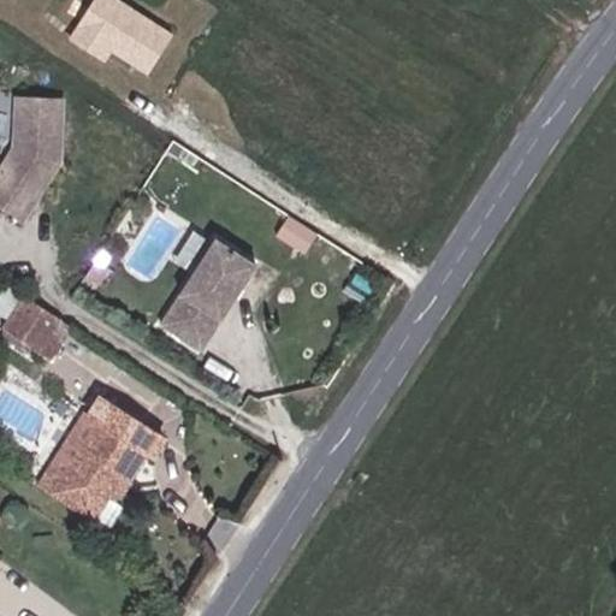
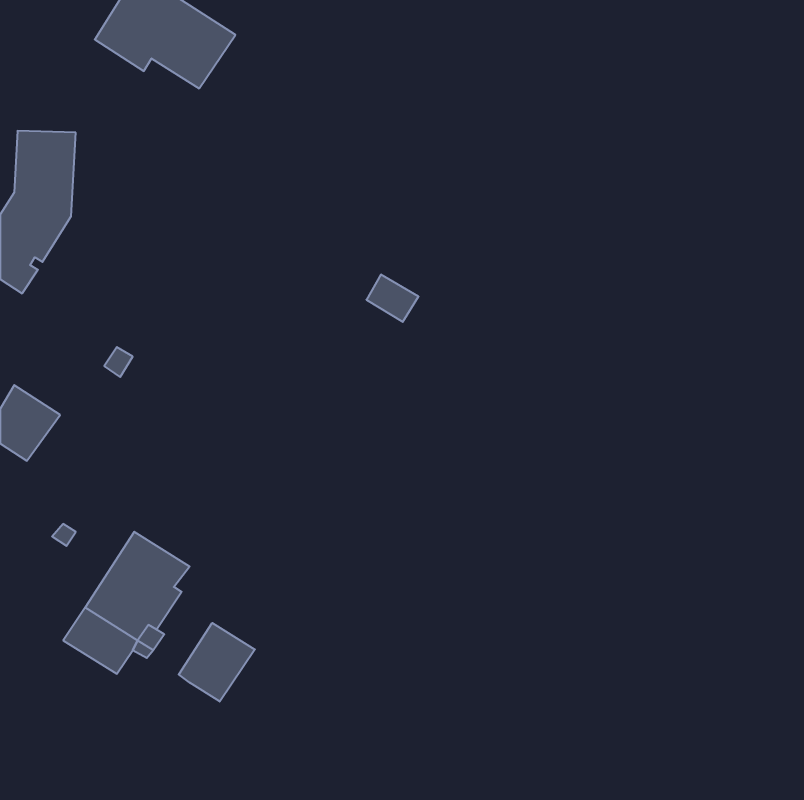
building: [155,242,250,353] -> none
building: none -> [179,623,255,702]

